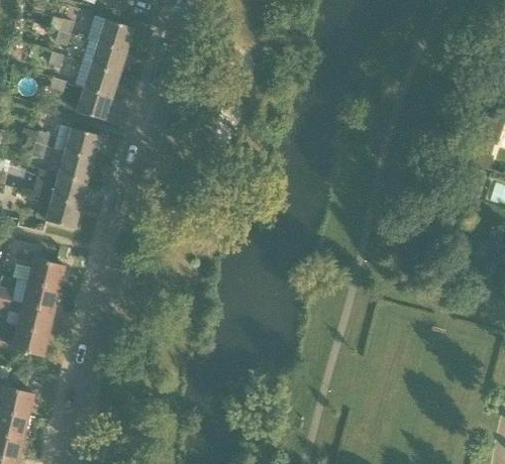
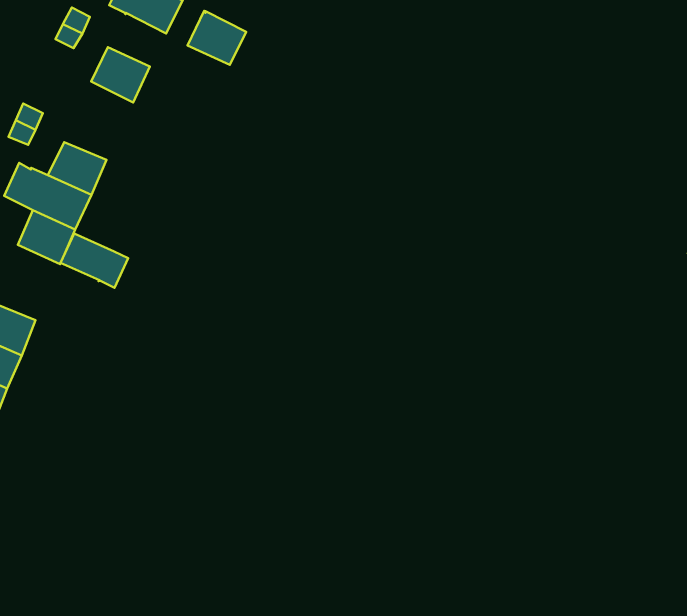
building: [83,65,118,96] -> [187,11,246,65]
building: [65,127,99,158] -> none
building: none -> [61,233,128,288]

